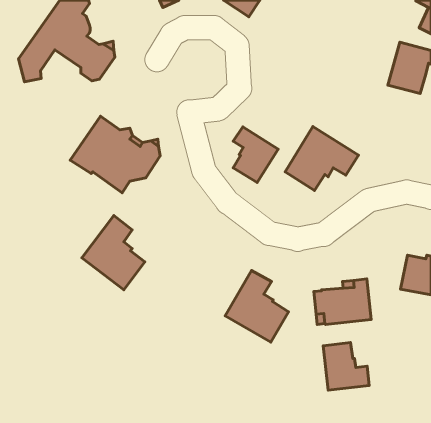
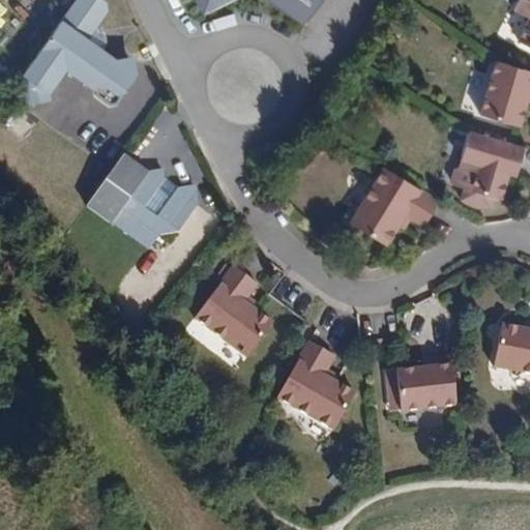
building: none -> [459,129,521,198]
building: [233,127,278,183] -> none
building: [82,216,145,290] -> [194,265,271,356]
building: [323,343,369,390] -> none

